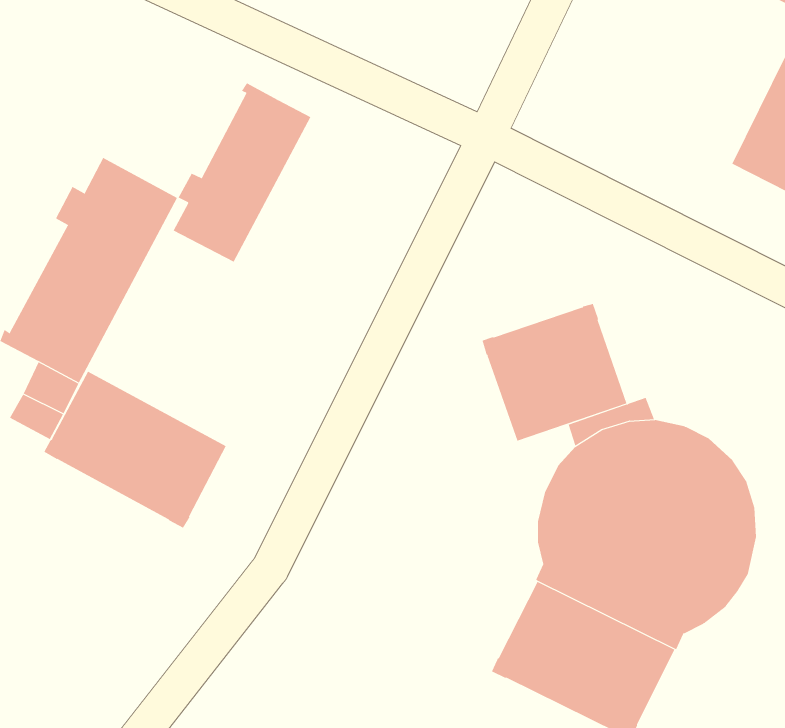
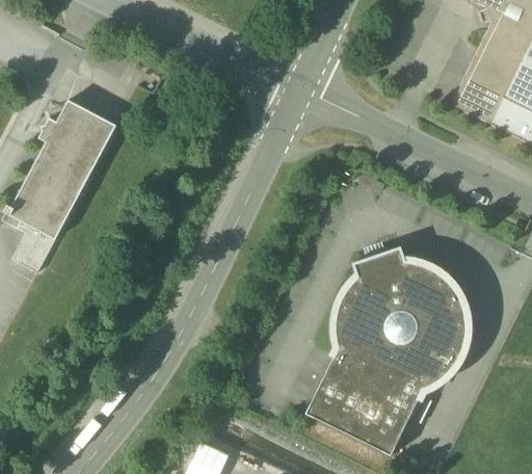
building: [173,83,311,262] -> none
building: [482,303,627,441] -> none
building: [44,371,226,529] -> none

